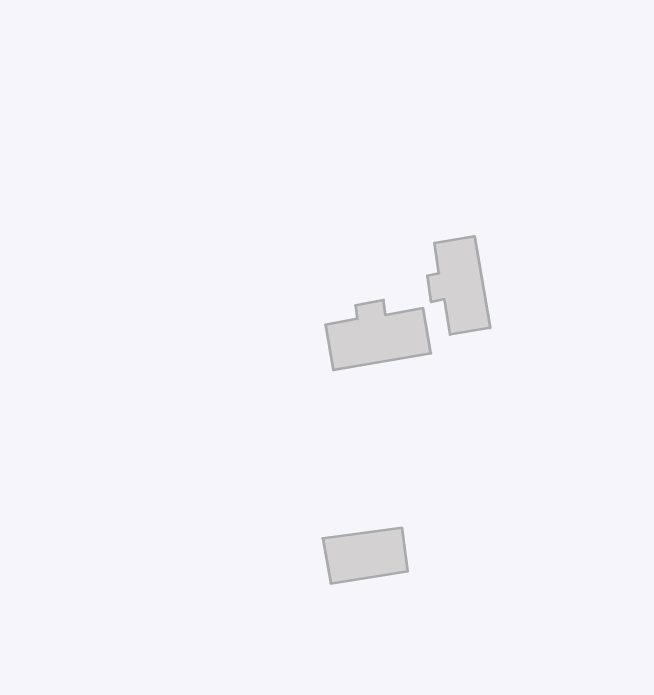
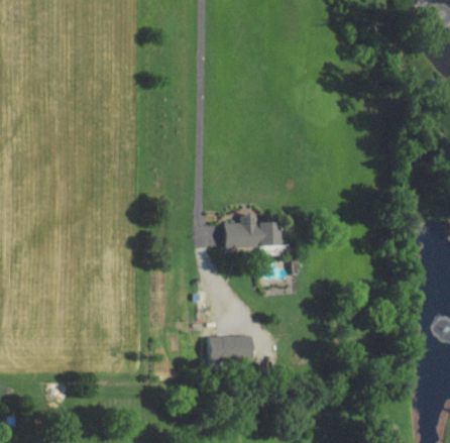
building: [427,236,490,335] -> none

